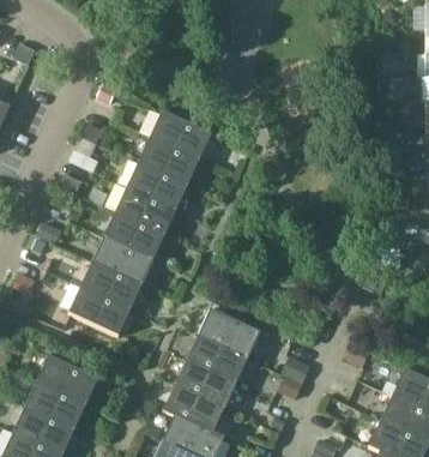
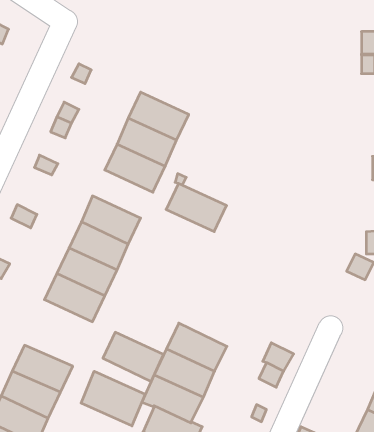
building: [115,187,174,234] -> [166,183,227,232]
building: [199,311,258,359] -> [103,332,163,382]
building: none -> [81,371,145,426]

